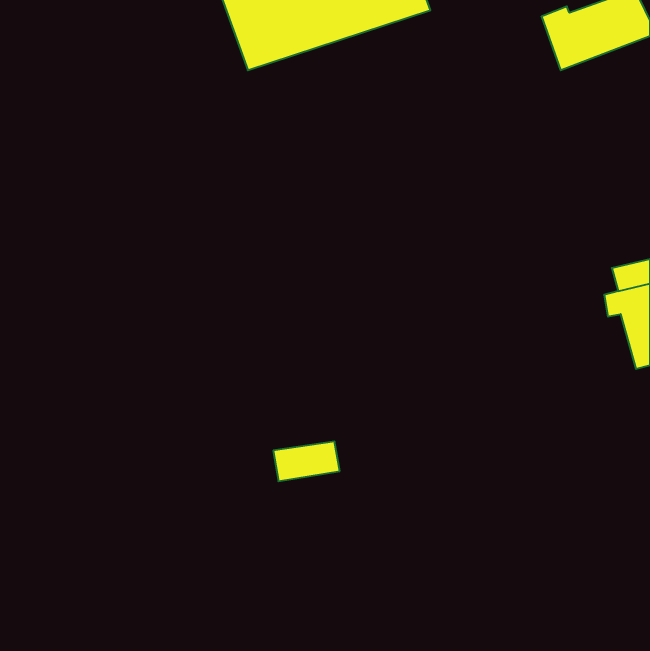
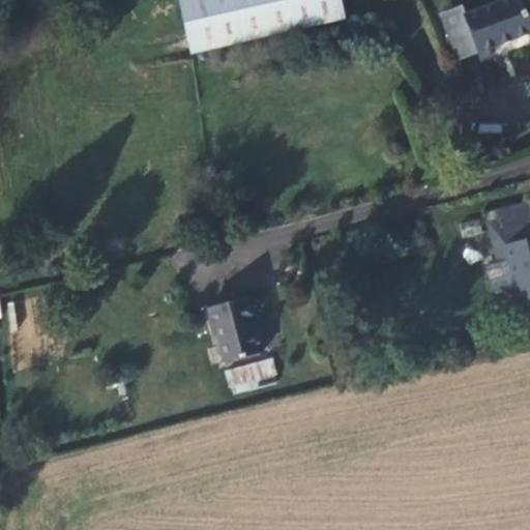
building: none -> [208,291,259,354]

